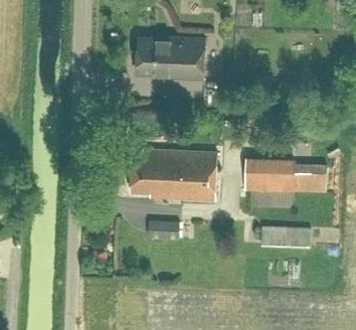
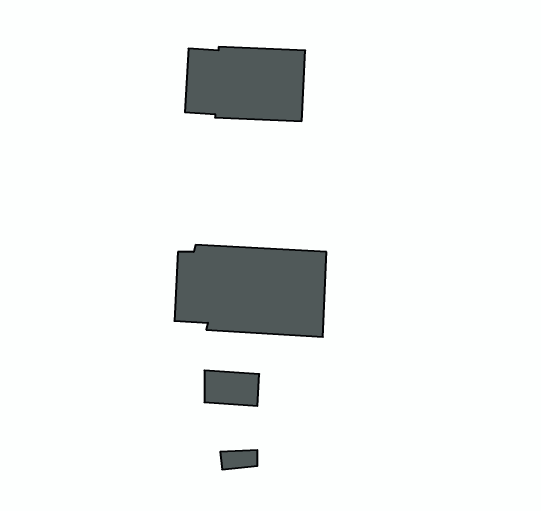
building: [245,159,326,192] -> none
building: [261,225,311,246] -> none

